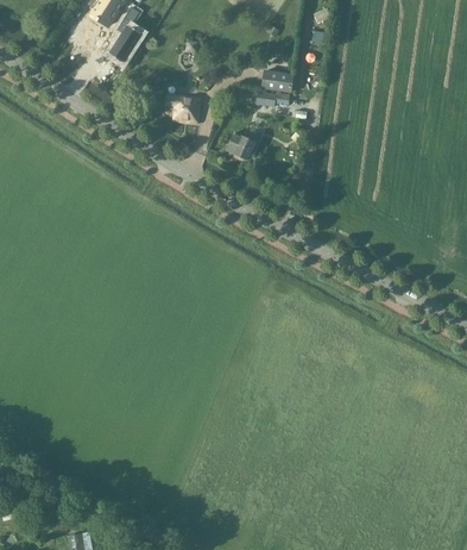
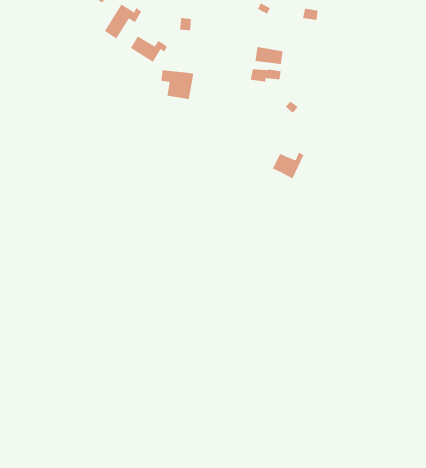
building: none -> [130,35,168,63]
building: [227,131,260,160] -> [272,152,304,179]

